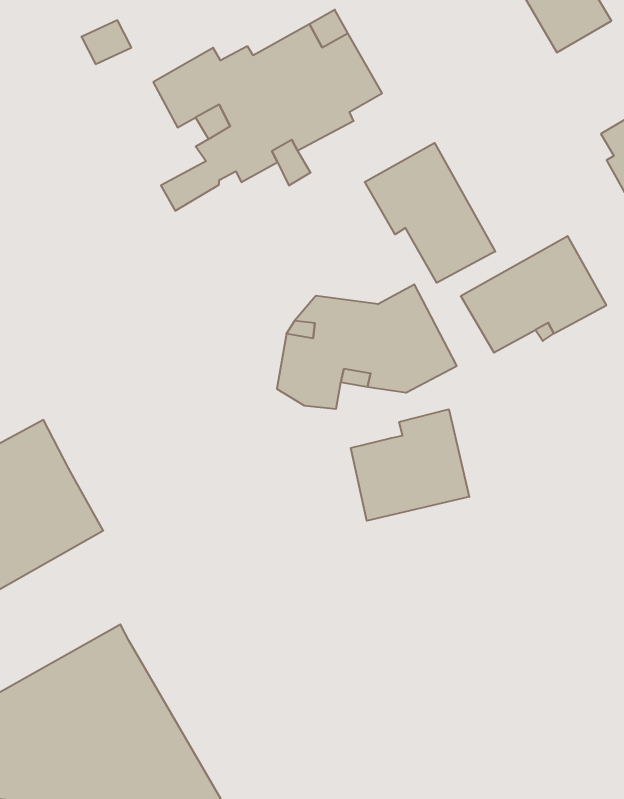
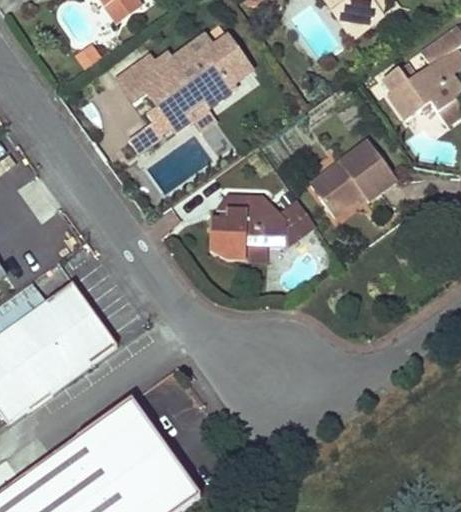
building: [365,143,495,283] -> none
building: [351,409,469,521] -> none

